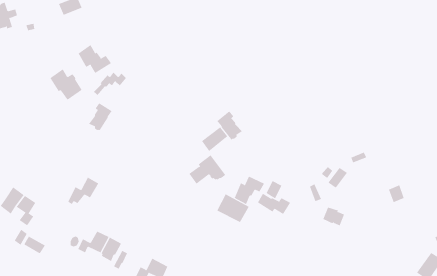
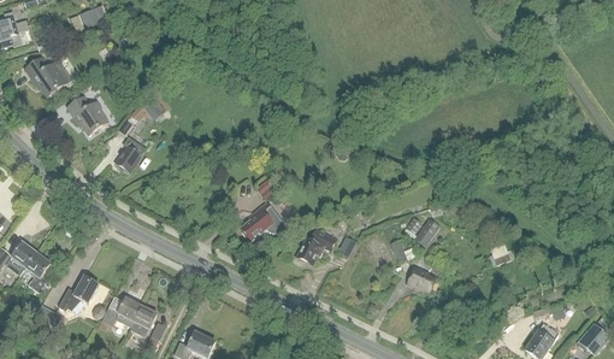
building: none -> [24,57,65,96]
building: [78,44,112,74] -> none
building: [216,111,243,141] -> none
building: [67,177,99,205] -> [58,276,98,311]
building: [257,193,291,215] -> none
building: [216,194,250,223] -> none

